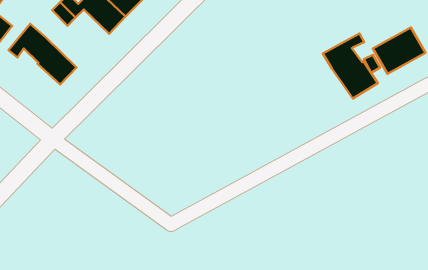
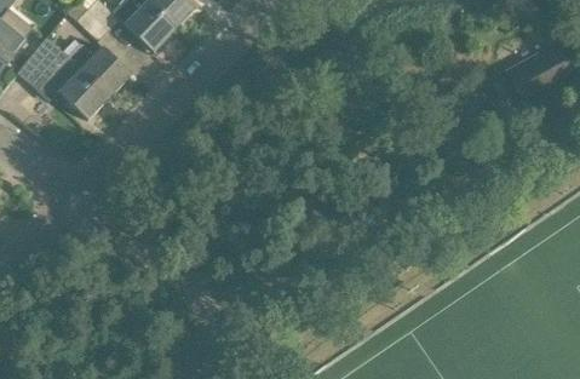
building: none -> [68,42,131,94]
building: [323,33,378,98] -> none

